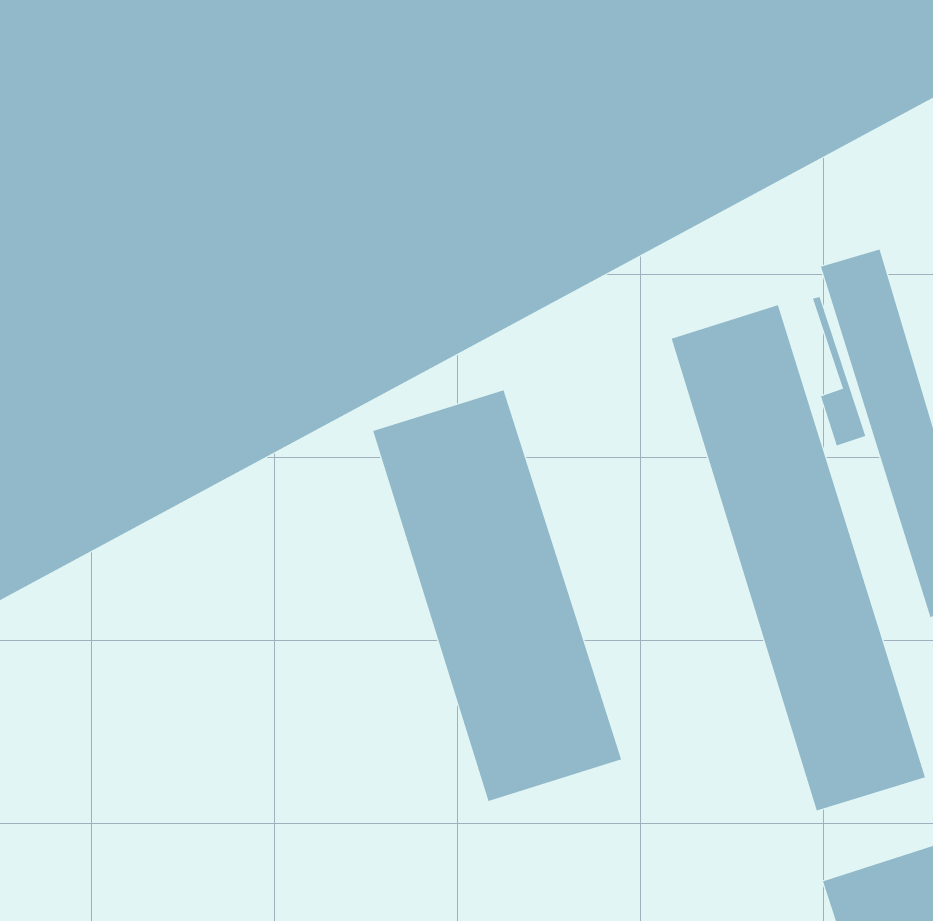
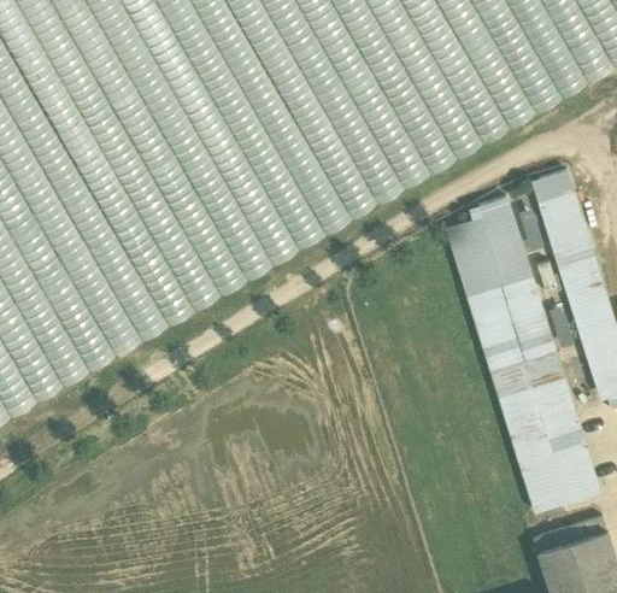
building: [372,390,622,802] -> none

